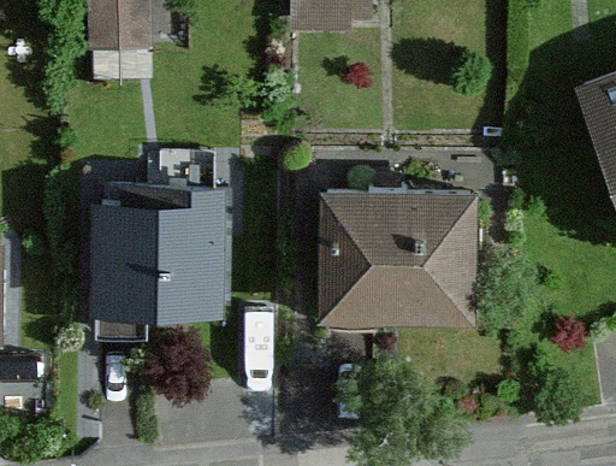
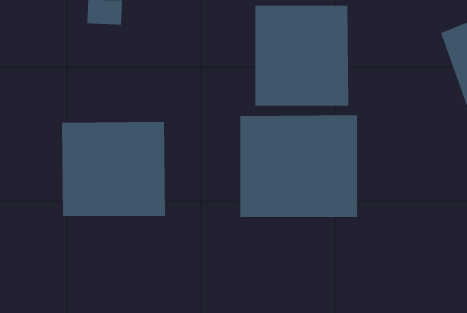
building: none -> [255,5,349,107]

